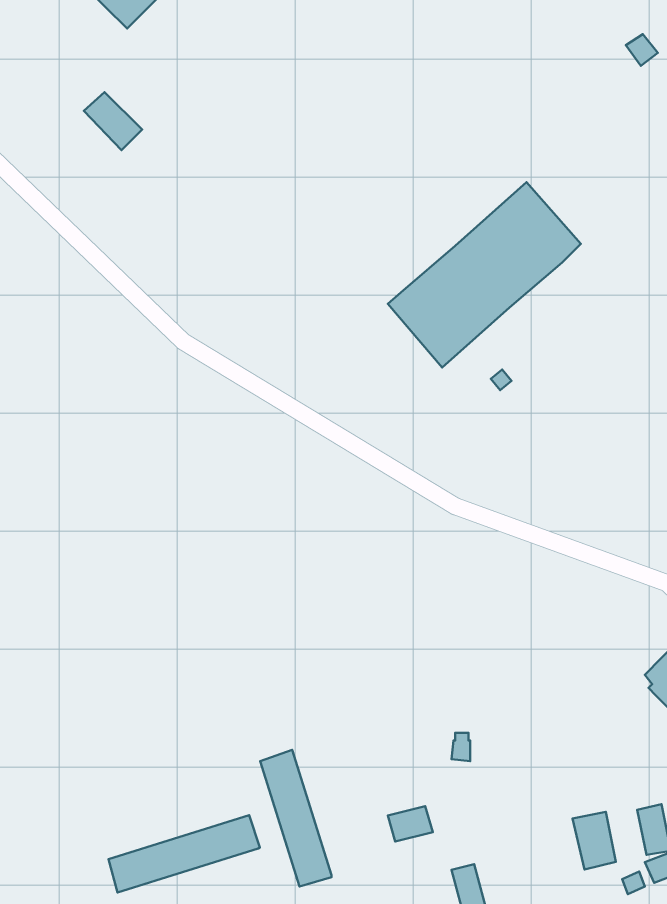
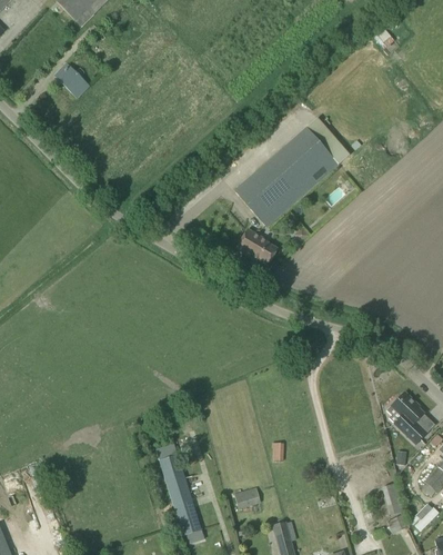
building: none -> [235,228,276,265]
building: [573,812,616,870] -> none
building: [108,815,260,893] -> none

